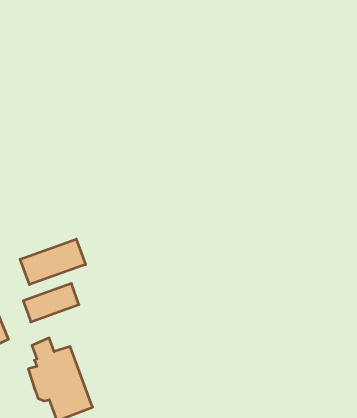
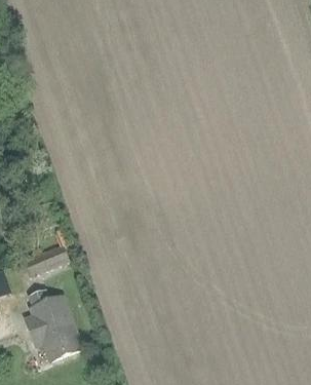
building: [20,239,86,285] -> none

